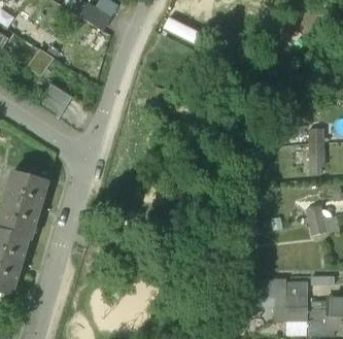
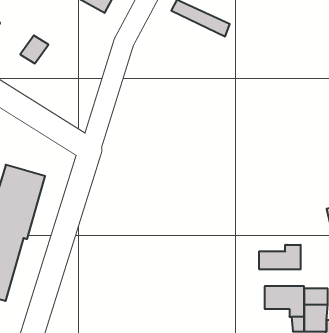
building: [38,83,71,117] -> none
building: none -> [259,245,301,269]

